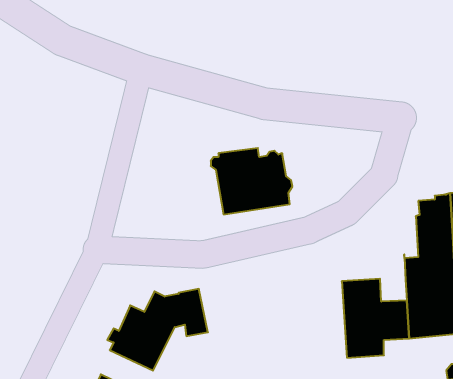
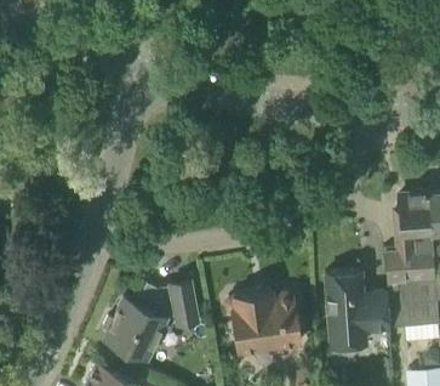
building: [211,148,292,214] -> [227,290,304,353]

